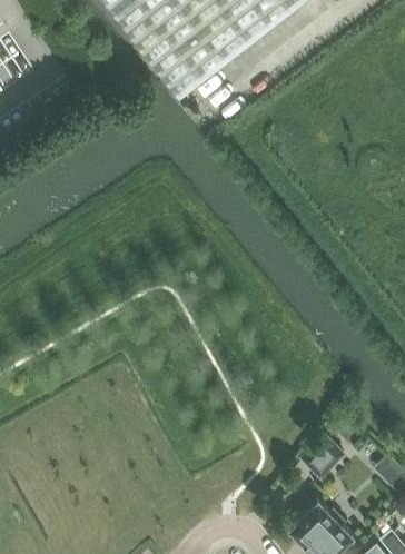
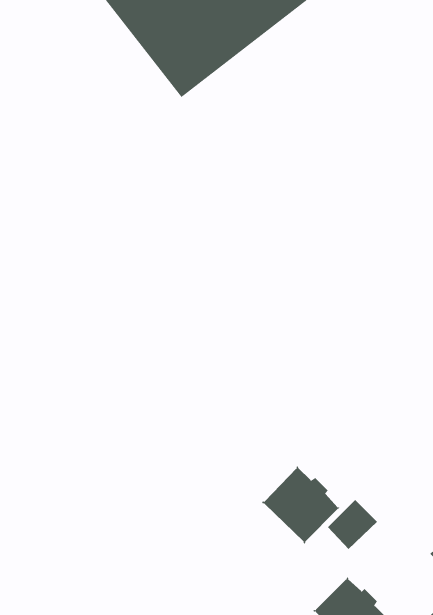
building: none -> [261,465,341,544]

